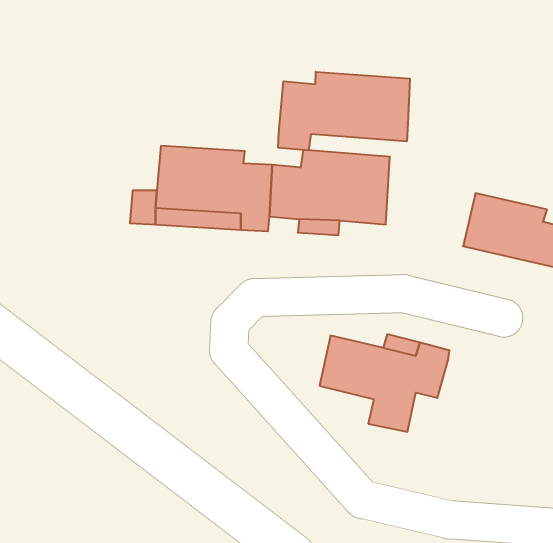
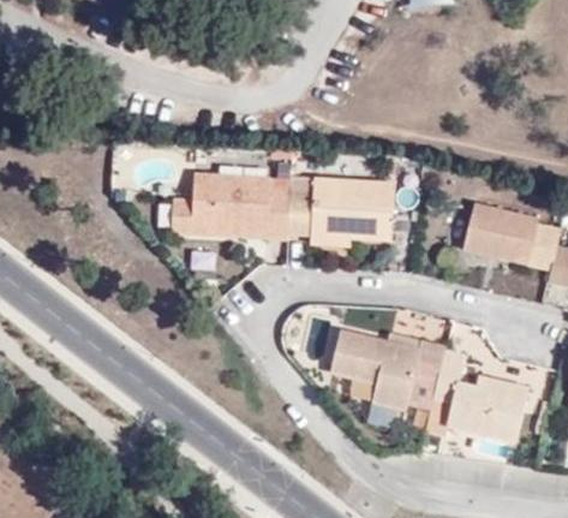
building: [278,72,410,150] -> none
building: none -> [431,352,536,447]

